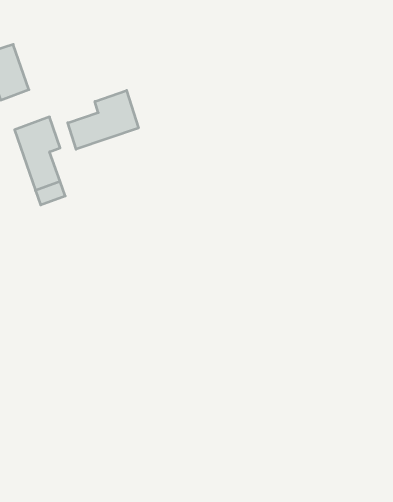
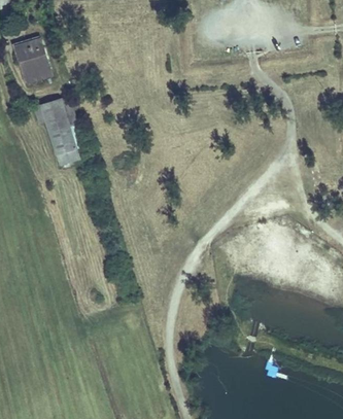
building: [68,90,138,149] -> none

